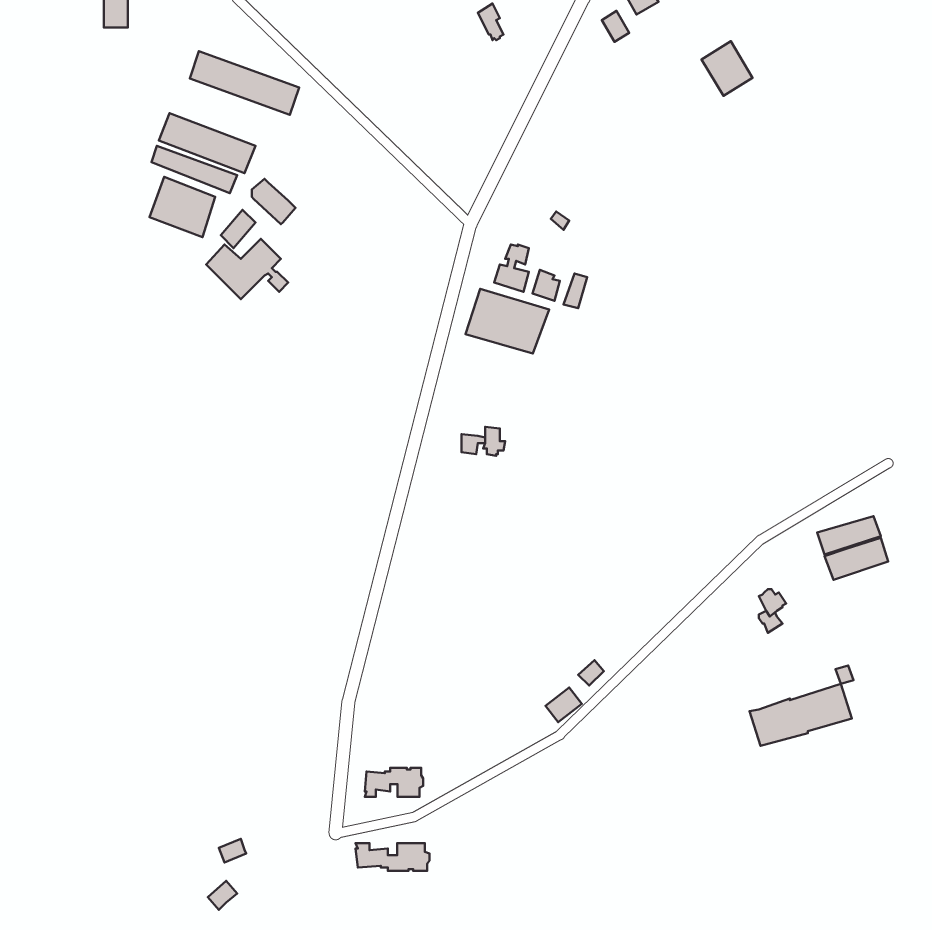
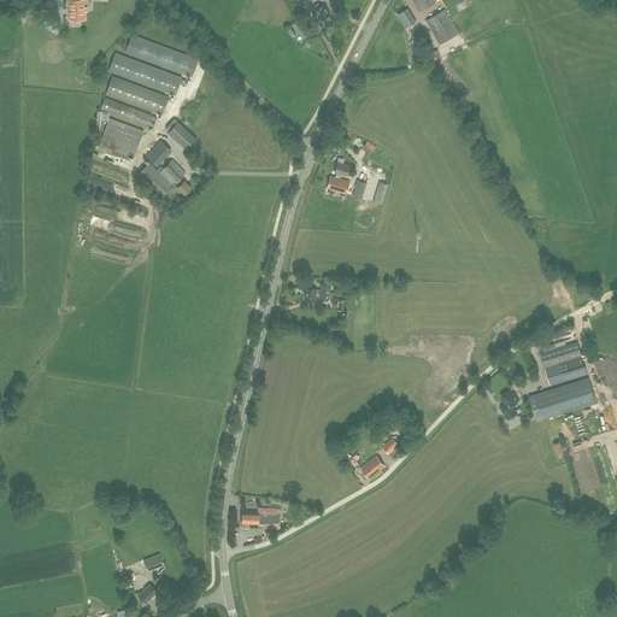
building: [702,41,753,96] -> [425,7,459,43]
building: none -> [108,52,182,94]
building: [466,289,549,354] -> none
building: [750,684,852,746] -> [529,377,597,418]
building: [356,843,429,871] -> none

